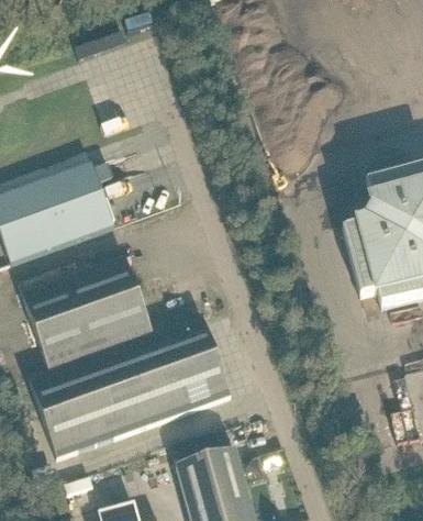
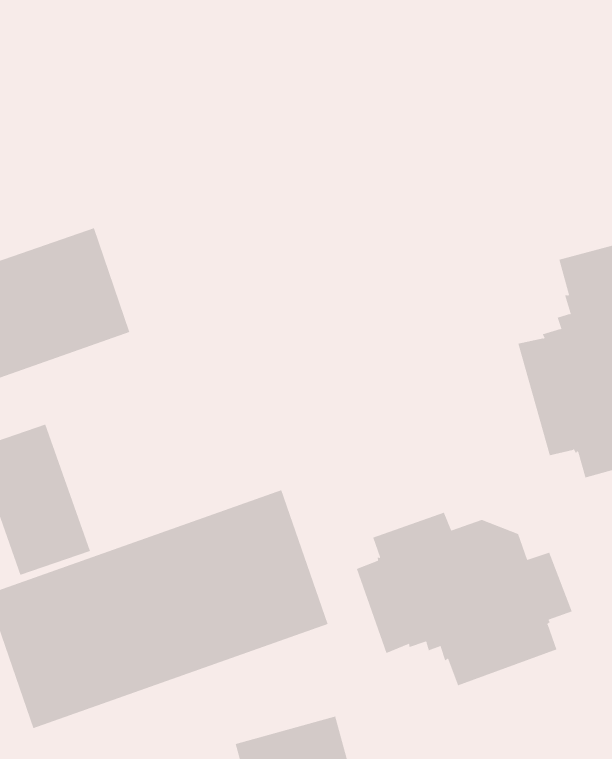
building: [65,255,153,352] -> none
building: none -> [356,512,573,686]

